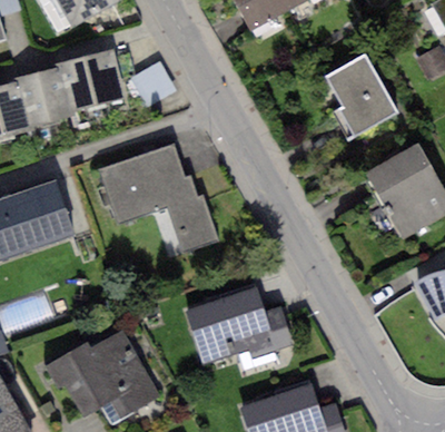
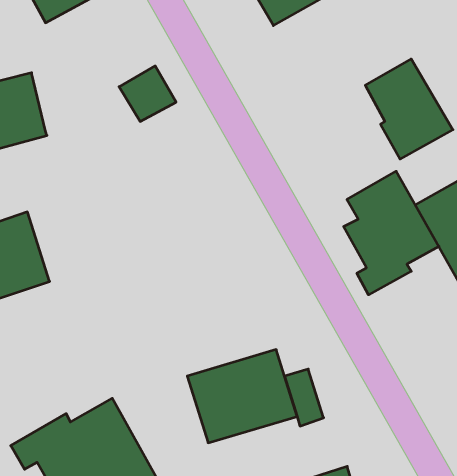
building: [59,49,127,114] -> none
building: [98,144,217,251] -> none
building: none -> [344,171,439,295]

